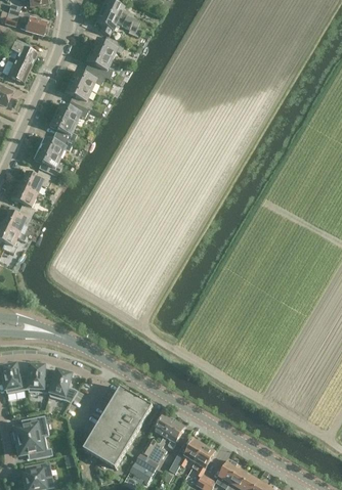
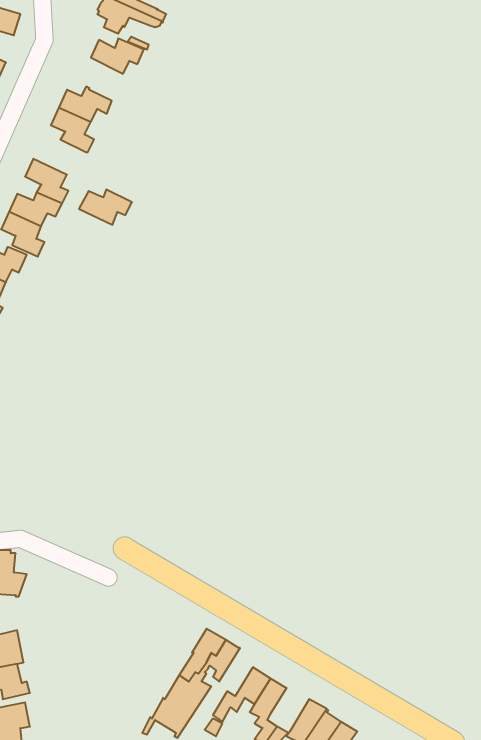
building: [85,49,112,79] -> none
building: [53,101,87,124] -> [79,189,132,225]
building: [44,368,77,403] -> none
building: [83,387,153,467] -> none

